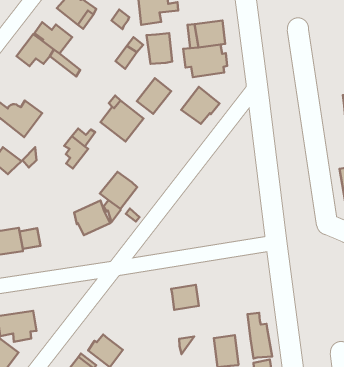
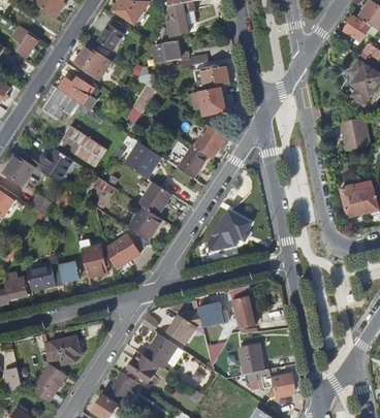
building: [147,33,172,64] -> none
building: [137,78,171,114] -> [178,144,208,176]
building: none -> [56,131,102,170]
building: none -> [138,181,169,214]
building: none -> [204,207,250,251]
building: none -> [81,244,106,277]
building: none -> [167,311,201,343]
building: [248,313,272,359] -> [229,287,254,328]
building: none -> [144,332,177,366]

